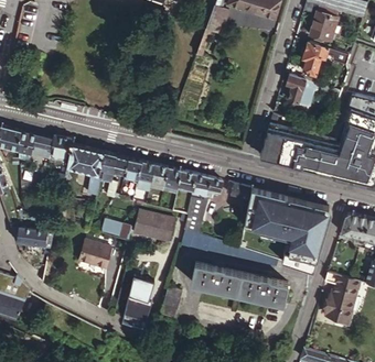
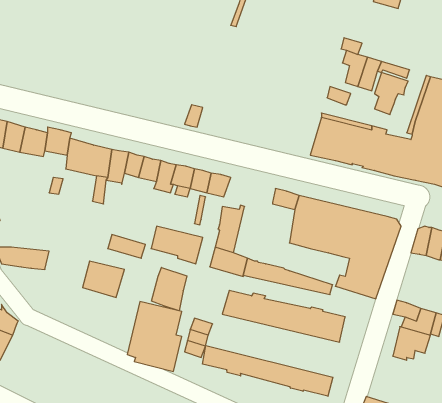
building: [302,43,329,76] -> [375,73,408,115]
building: [191,175,222,200] -> none
building: none -> [151,267,187,311]
building: none -> [203,346,333,396]

